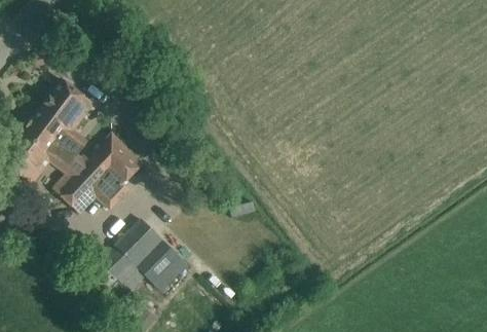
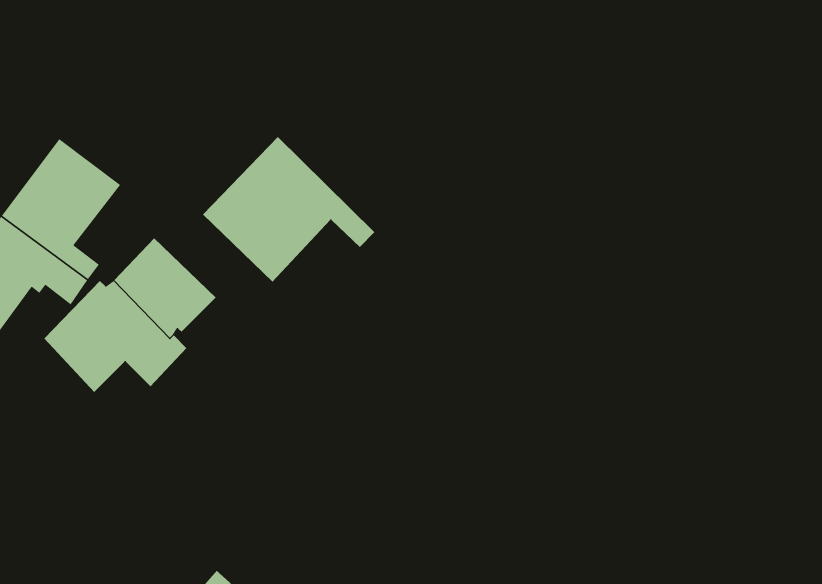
building: none -> [202,136,375,283]
building: [100,219,187,291] -> none

